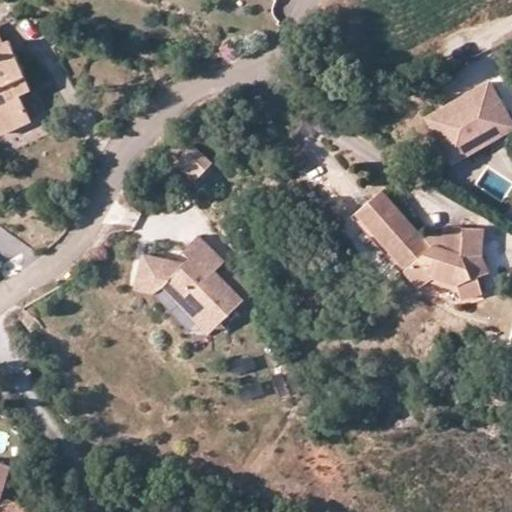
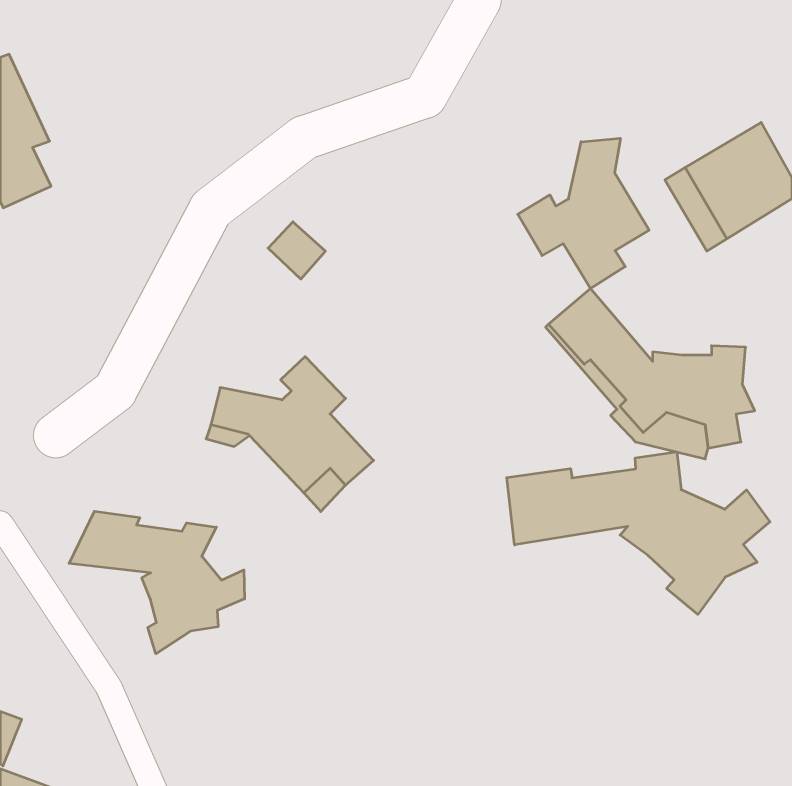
building: none -> [518,138,649,288]
building: none -> [507,452,770,614]
building: none -> [69,511,245,654]

